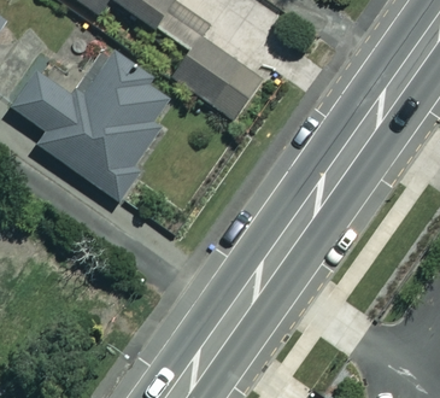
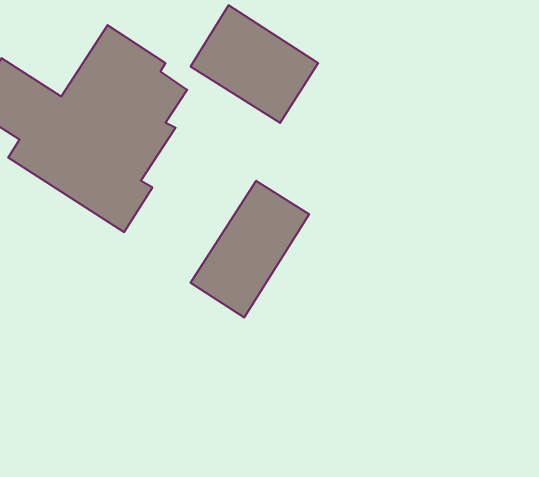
building: none -> [191,181,309,318]

